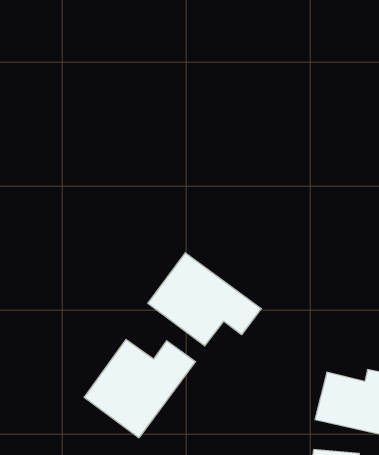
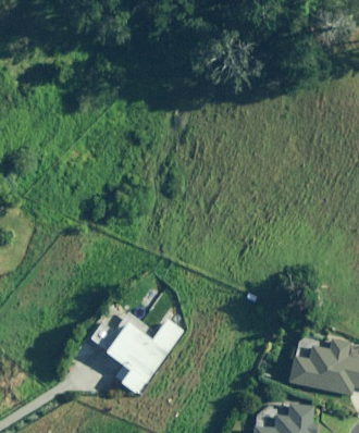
building: [148,253,261,346] -> none

